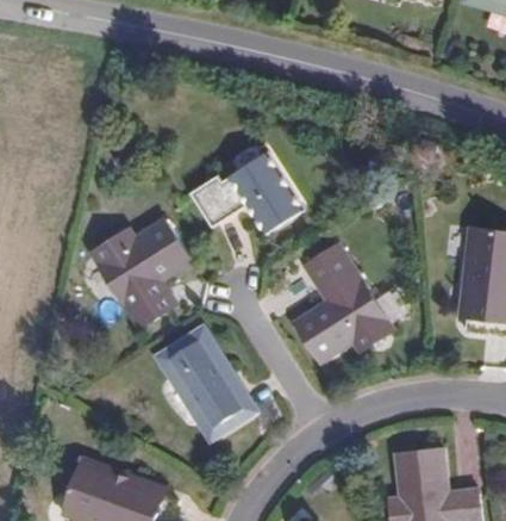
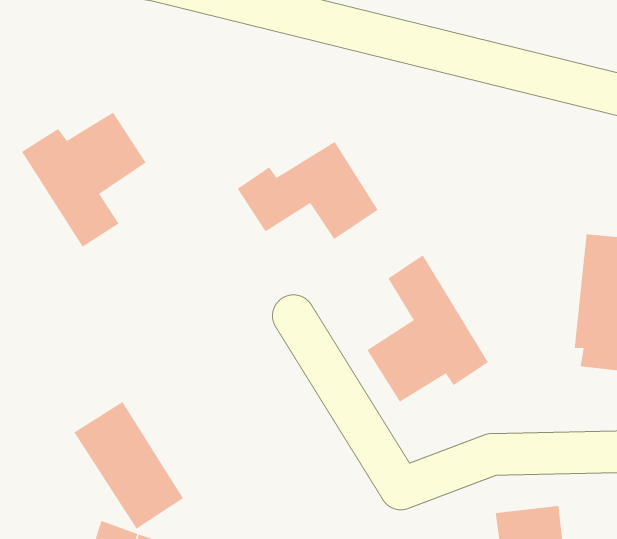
building: [89,217,189,325] -> [21,112,146,247]
building: [160,333,248,435] -> [74,401,184,530]

